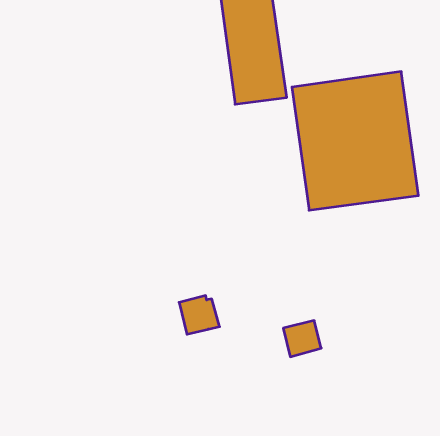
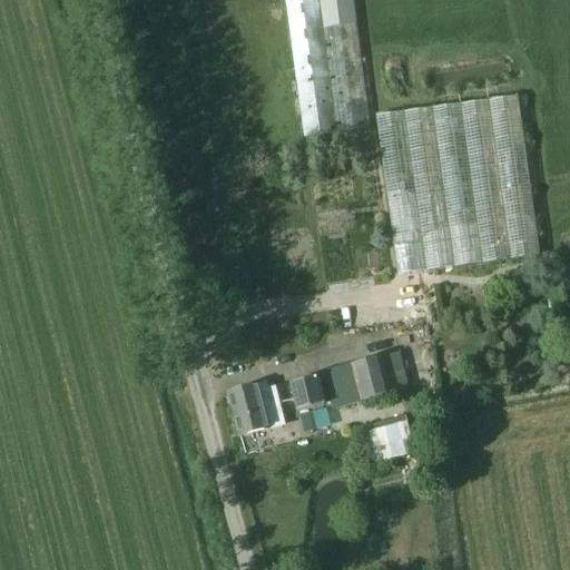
building: none -> [328,348,410,403]
building: none -> [291,374,324,409]

